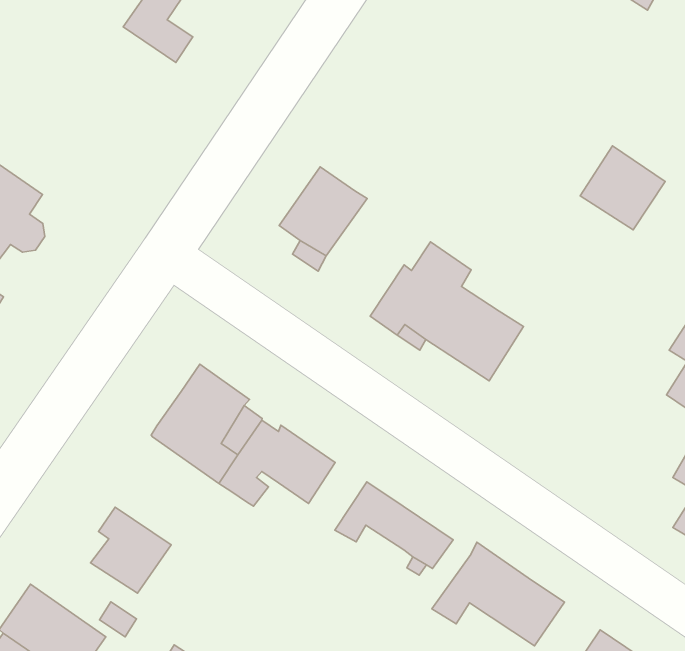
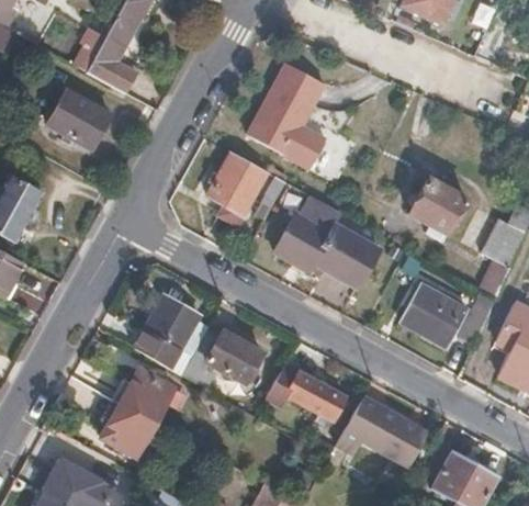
building: none -> [247,63,326,169]
building: none -> [46,89,109,147]
building: [580,146,665,230] -> [409,179,466,235]
building: none -> [407,300,462,347]
building: none -> [113,370,171,420]

